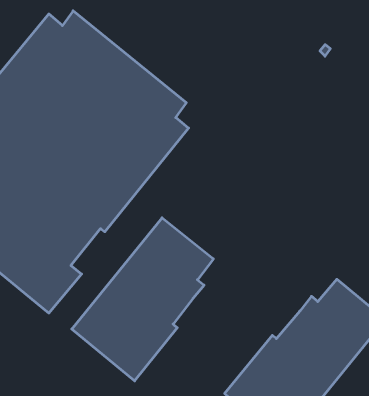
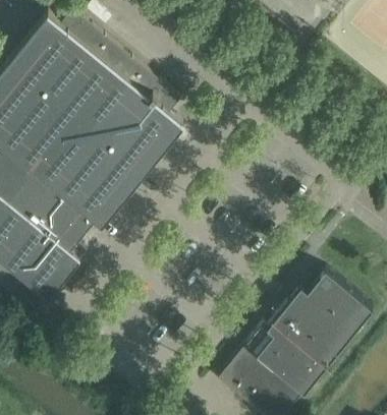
building: [72,218,213,381] -> none

